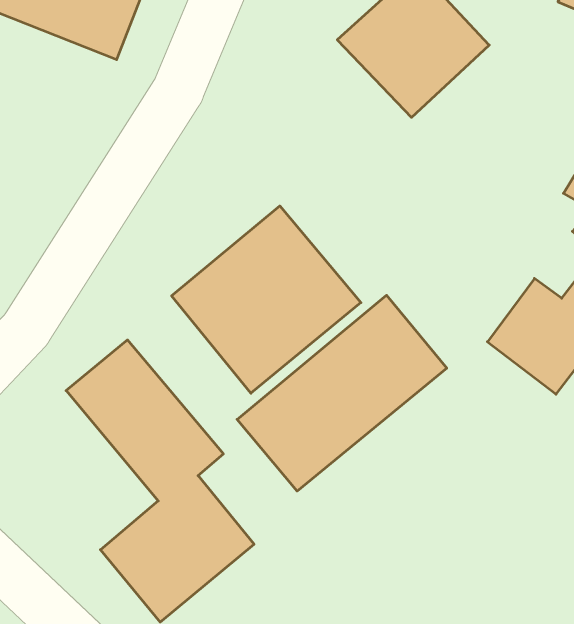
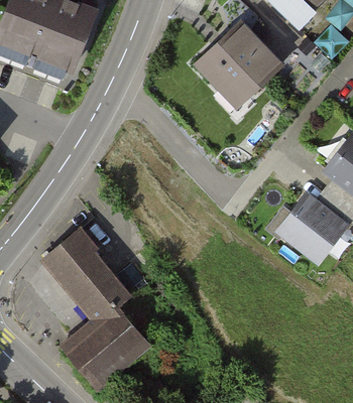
building: [172,206,361,393] -> none
building: [237,295,447,491] -> none

